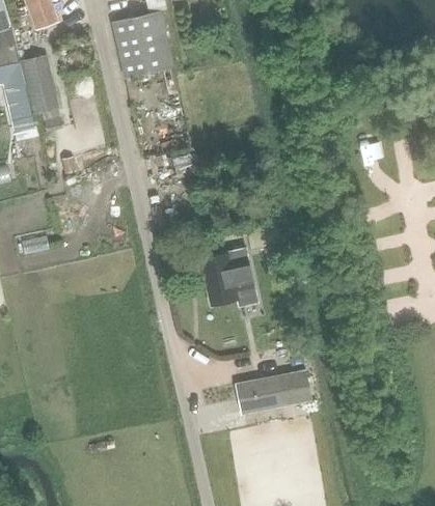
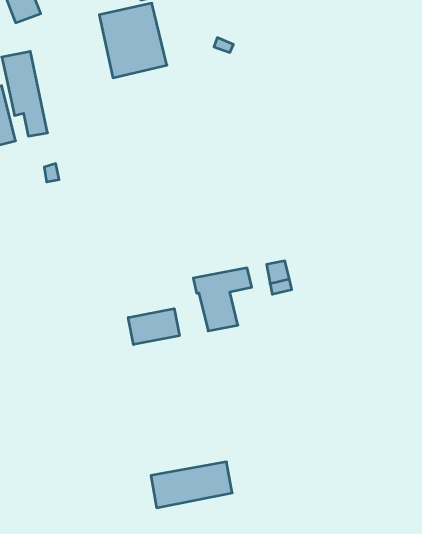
building: [229,266,256,304] -> none
building: none -> [128,309,179,345]
building: [236,370,309,412] -> [151,462,232,508]

